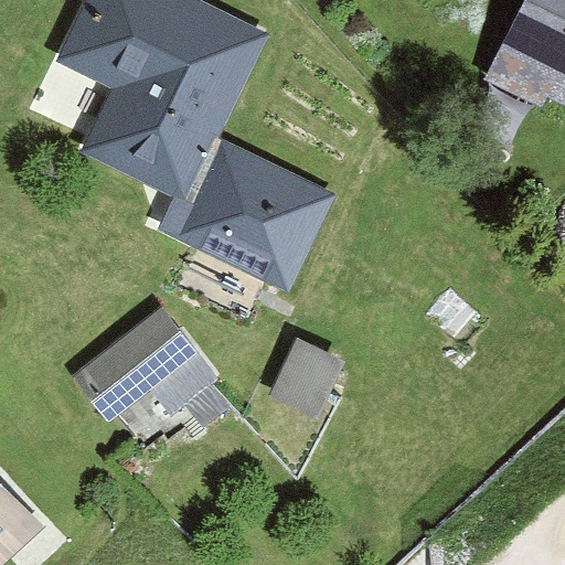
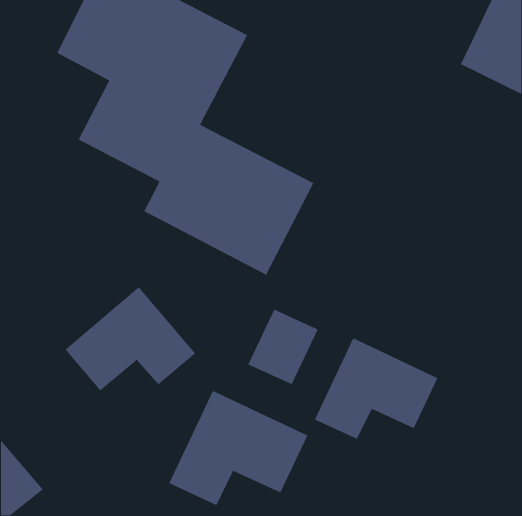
building: none -> [314,337,439,440]
building: none -> [168,390,308,506]

